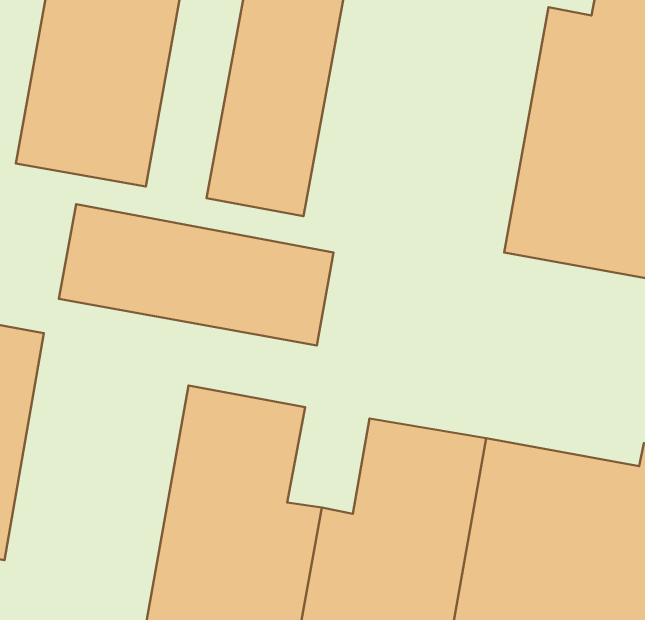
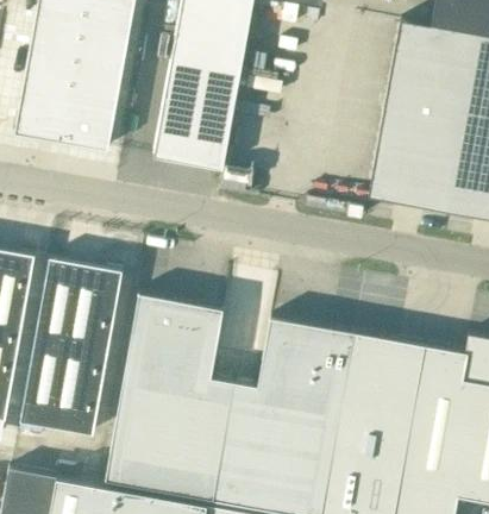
building: [59,204,334,346] -> none
building: none -> [20,258,123,435]

